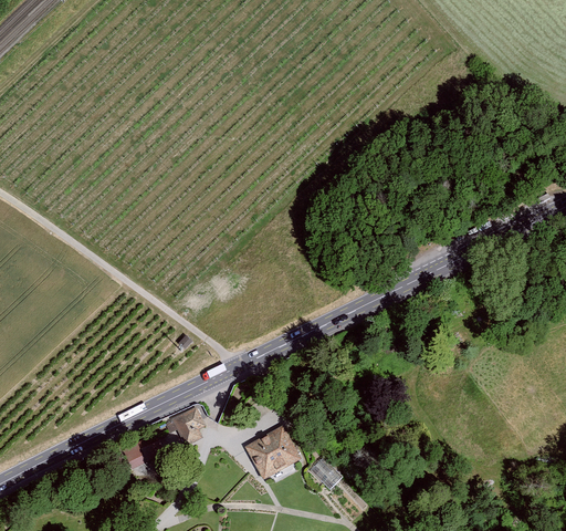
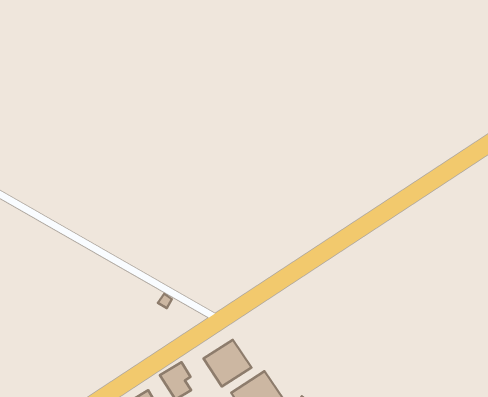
building: none -> [204,340,251,387]

